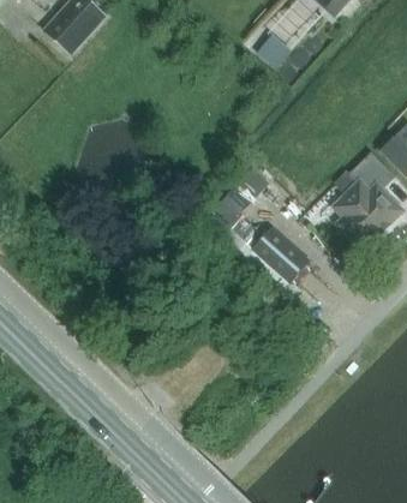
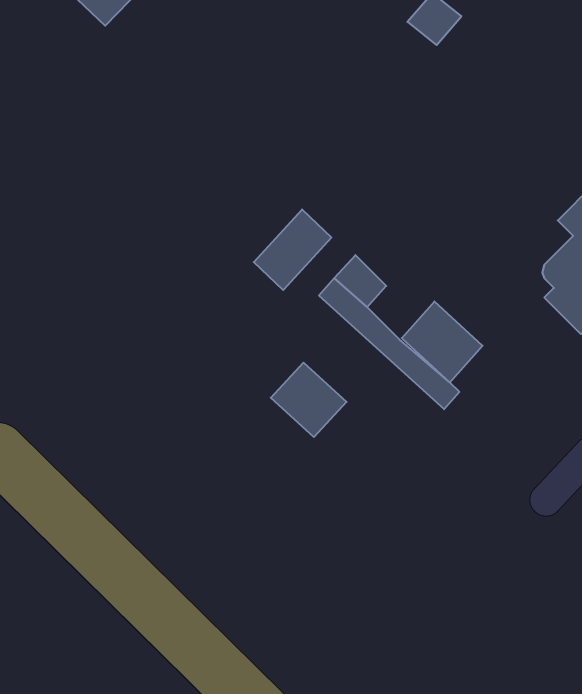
building: none -> [254,209,331,290]
building: none -> [271,363,347,437]

